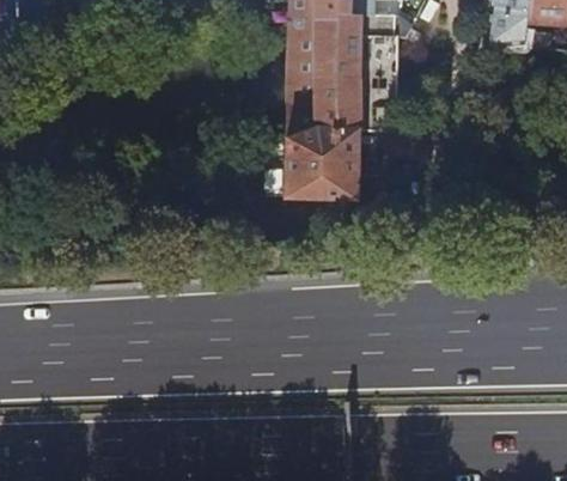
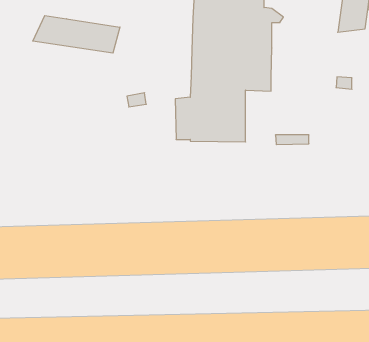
building: none -> [33,16,120,53]

